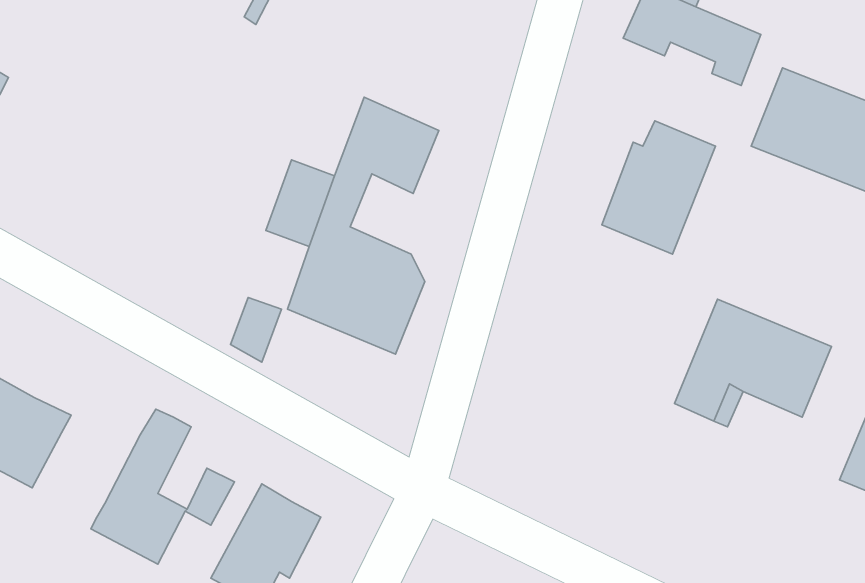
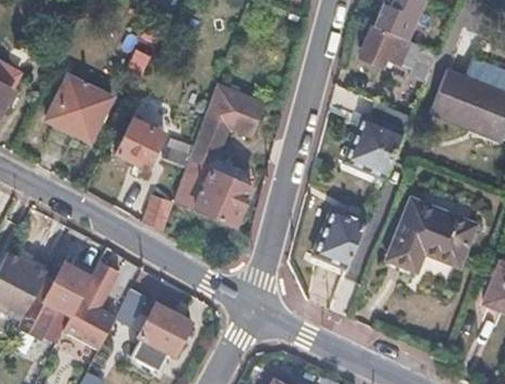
building: none -> [47,75,113,142]
building: none -> [115,121,163,172]
building: none -> [317,206,369,267]
building: none -> [22,263,92,336]

